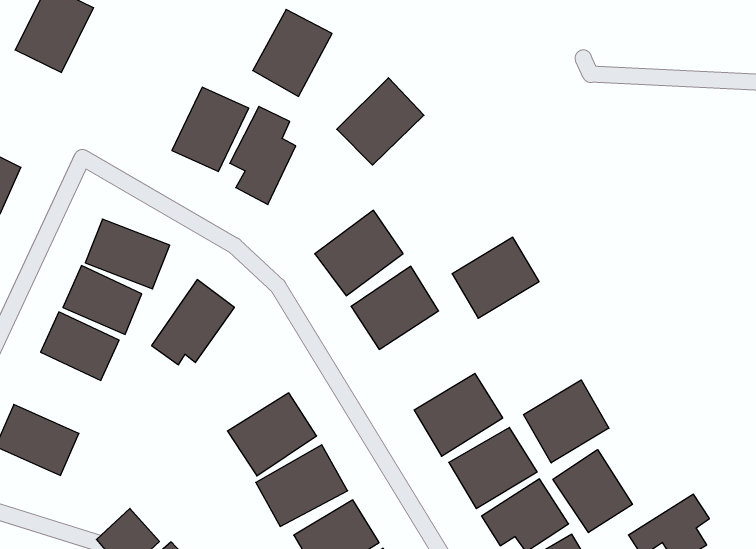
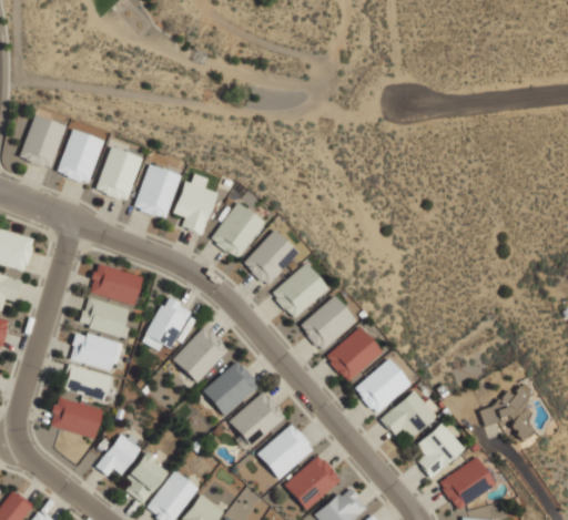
building: [253,9,332,96] -> [94,146,143,203]
building: none -> [57,130,104,185]
building: [337,78,424,165] -> [210,201,266,261]
building: [452,237,539,318] -> [298,295,357,353]
building: none -> [173,325,231,384]
building: none -> [62,365,112,401]
building: [524,380,609,463] -> none
building: [553,450,632,533] -> none
building: none -> [95,434,142,476]

